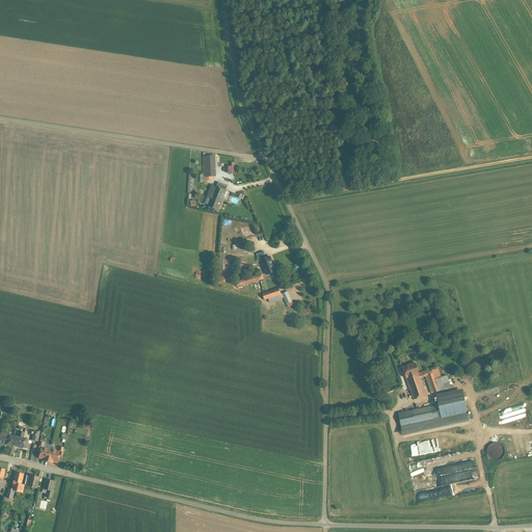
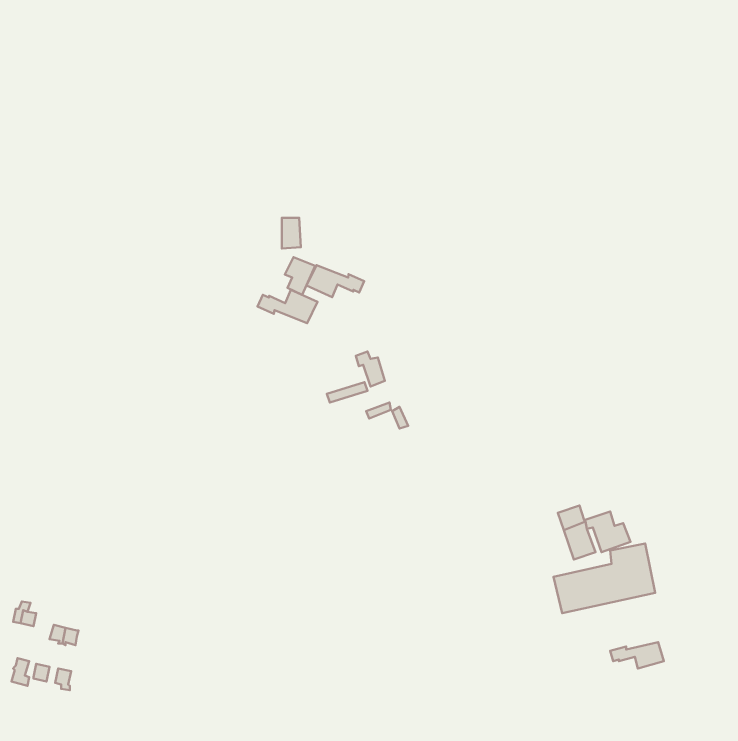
building: none -> [306,265,364,297]
building: none -> [257,290,318,323]

